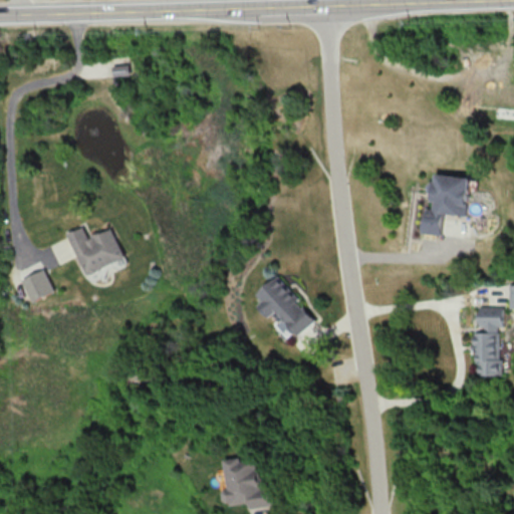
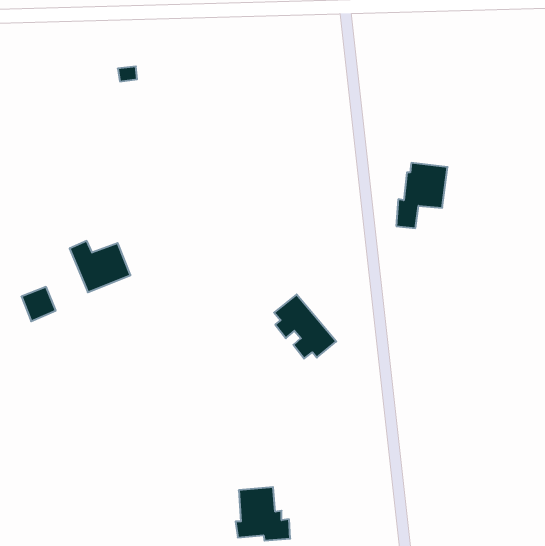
building: [422,174,470,235] -> [396,163,448,228]
building: [473,307,503,375] -> none

